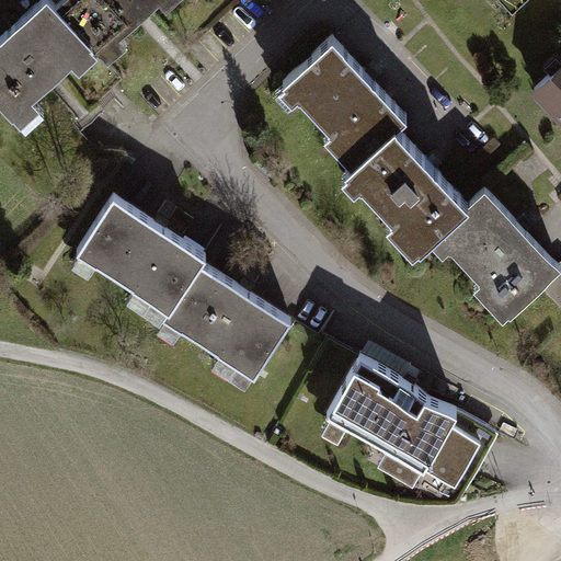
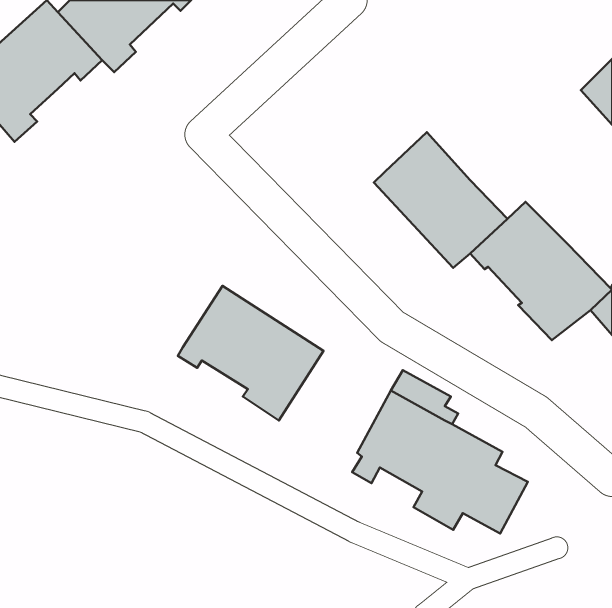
building: [276,38,399,162] -> none
building: [73,201,207,322] -> none

